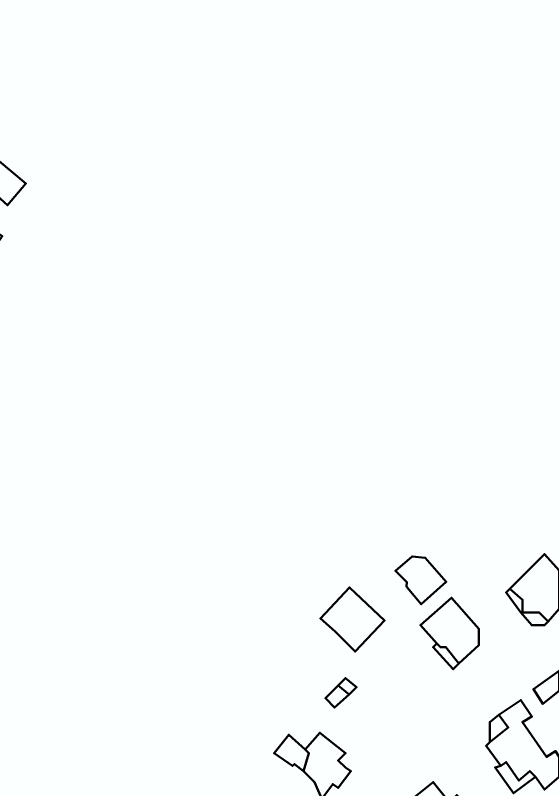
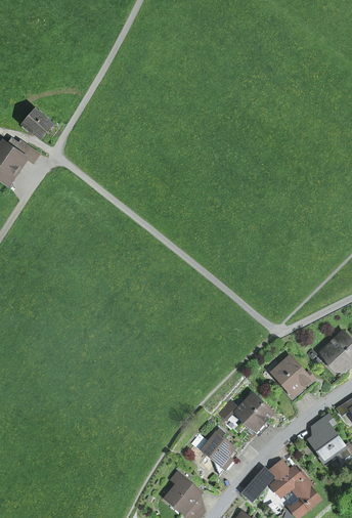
building: [395,556,446,604] -> none
building: [320,588,384,651] -> [236,393,272,429]

